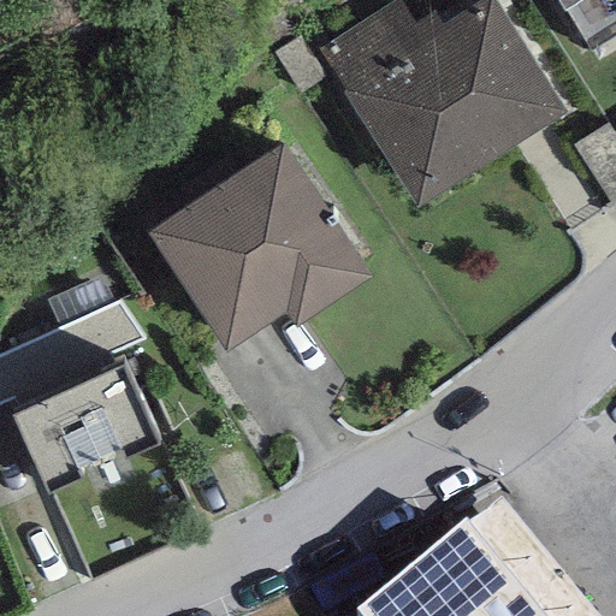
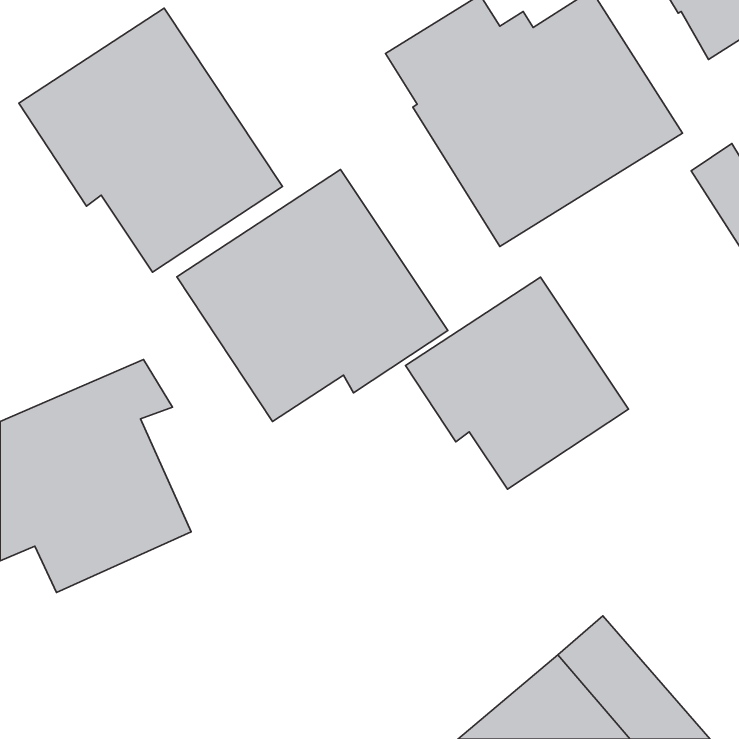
building: none -> [19,8,283,272]
building: none -> [405,277,629,489]

